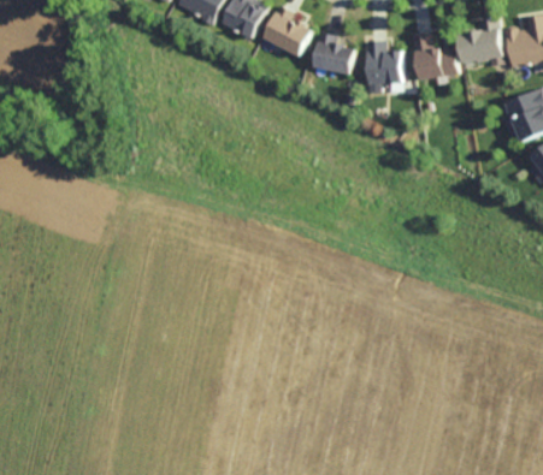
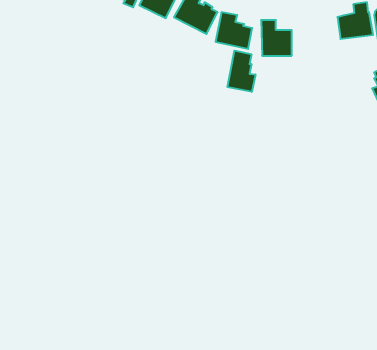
building: [413,32,461,81] -> none
building: none -> [227,51,255,92]

